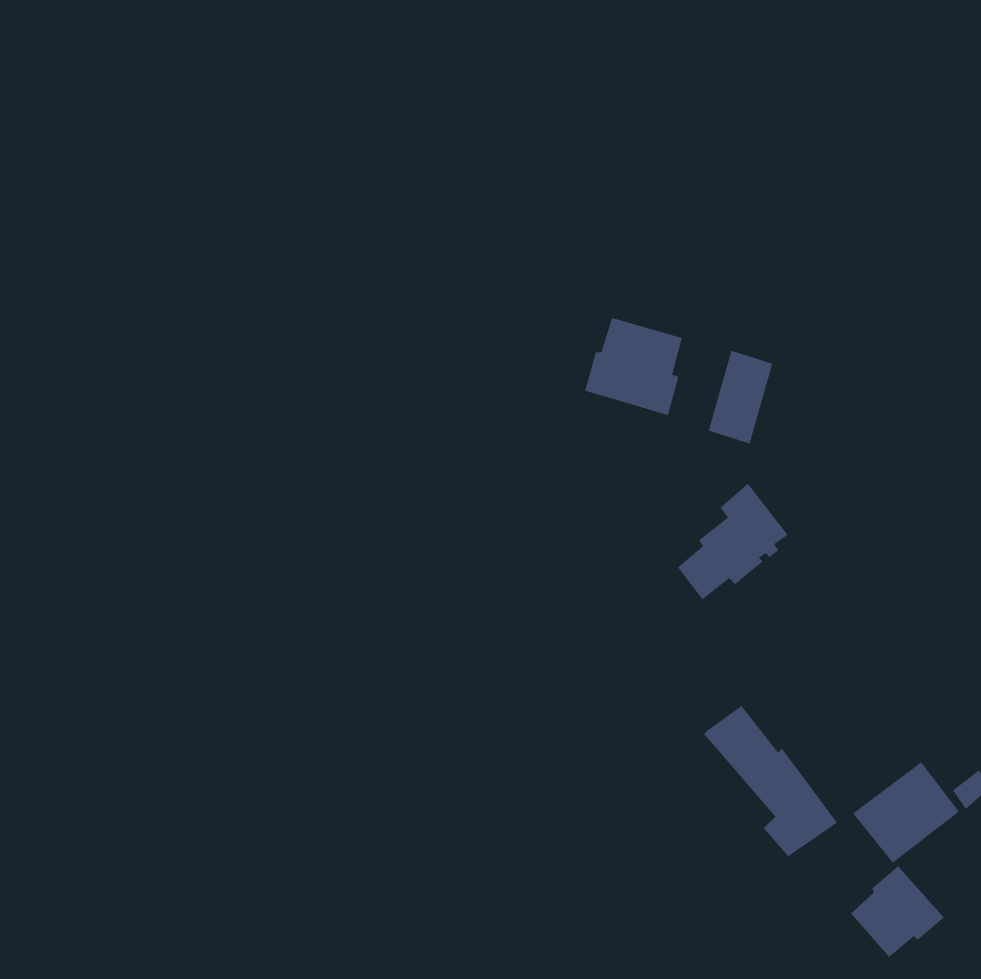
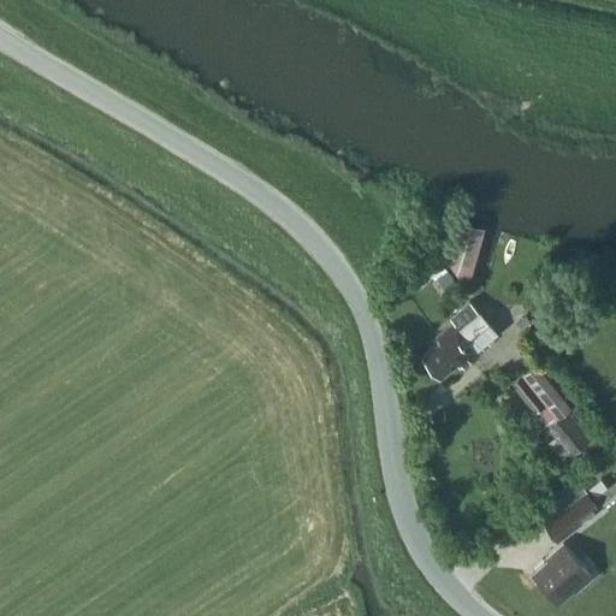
building: [585,317,683,416] -> none
building: [703,705,838,857] -> [510,368,594,463]

